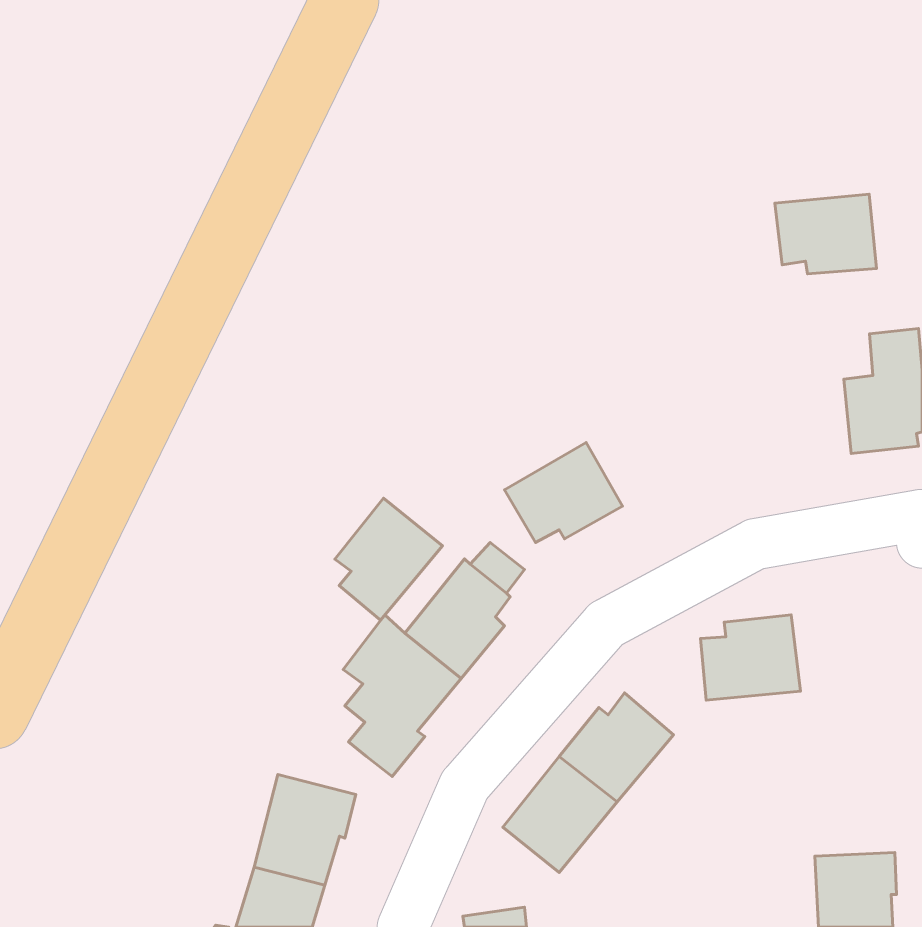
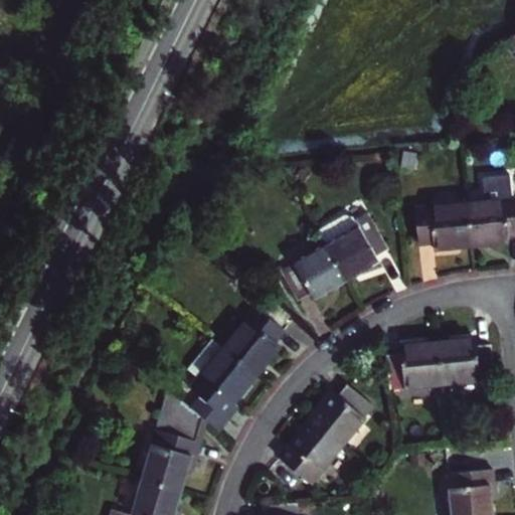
building: [775,194,876,274] -> [415,210,472,254]
building: none -> [318,217,386,281]
building: [335,498,442,620] -> none
building: none -> [439,338,495,383]
building: none -> [154,388,203,441]

